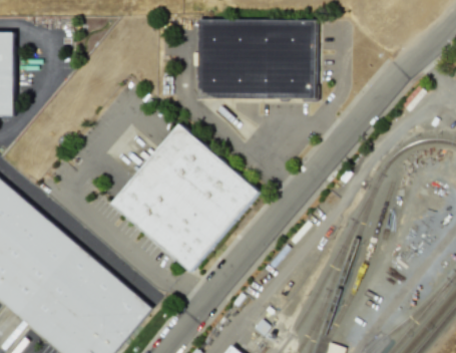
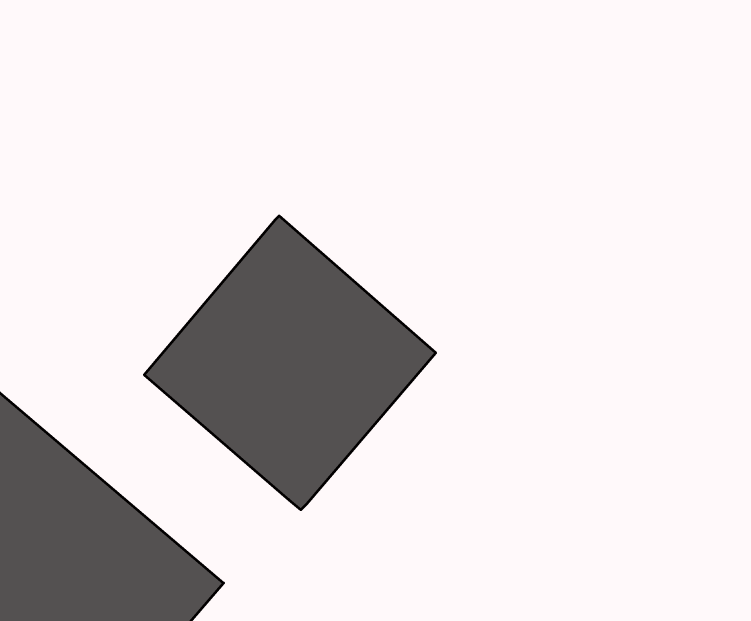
building: [197,19,317,98] -> none

